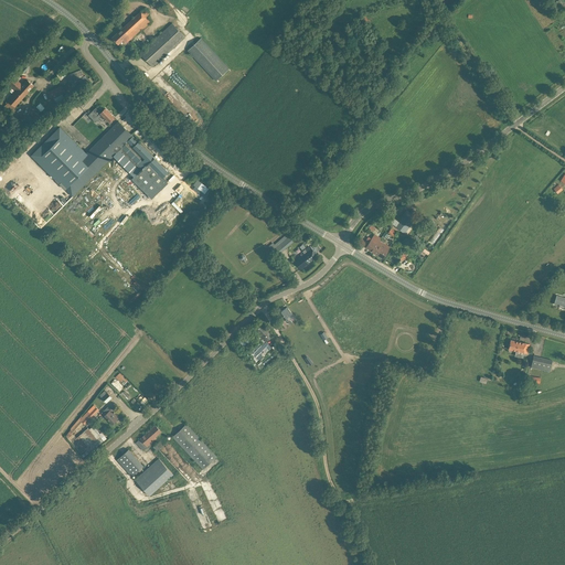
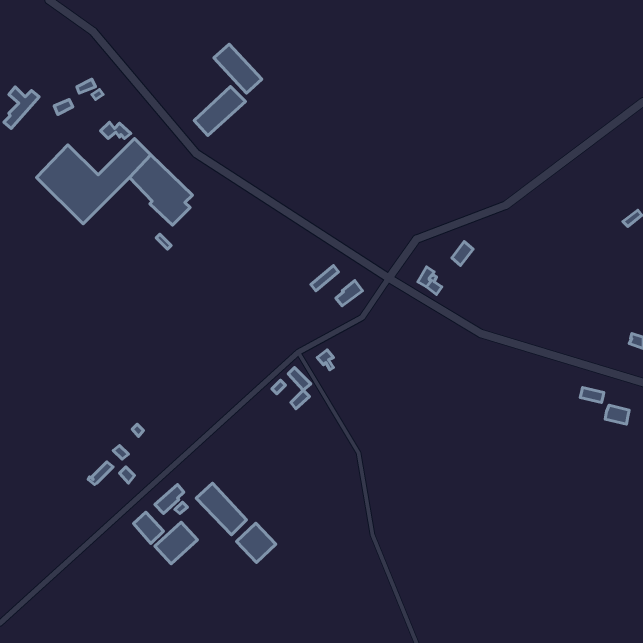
building: [111,10,151,44] -> none
building: [140,23,185,66] -> [194,86,246,135]
building: none -> [236,523,276,562]

